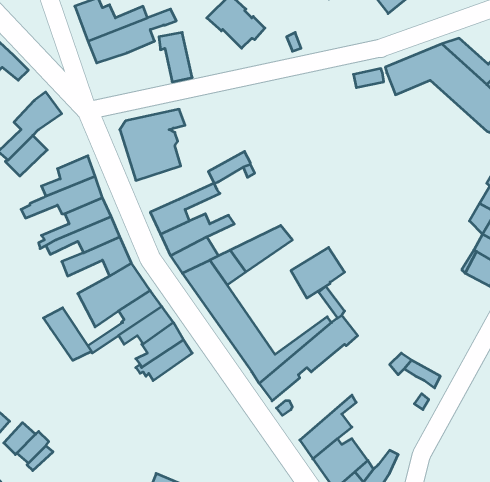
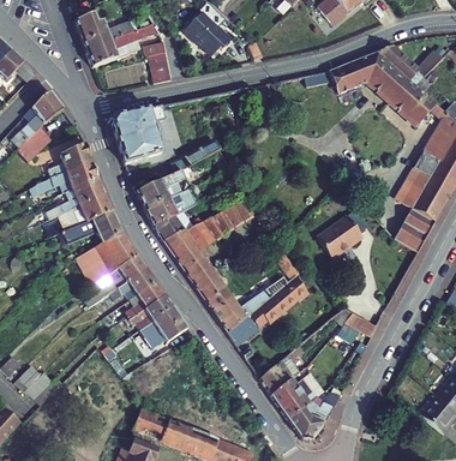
building: [291,247,345,298] -> [318,216,362,258]
building: [43,308,91,360] -> none
building: none -> [139,306,187,347]

